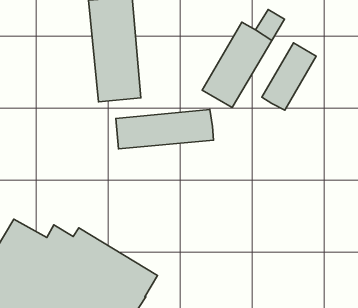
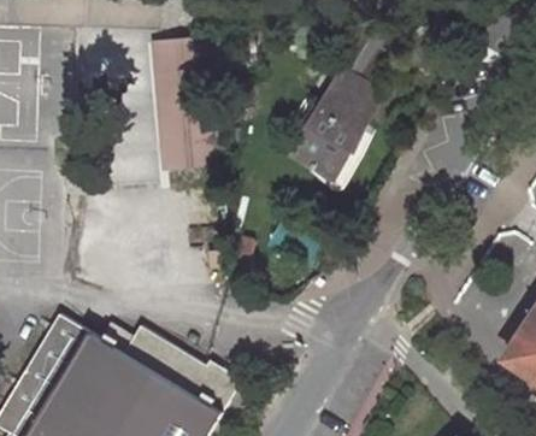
building: [262,43,316,110] -> none
building: [116,110,213,149] -> none

